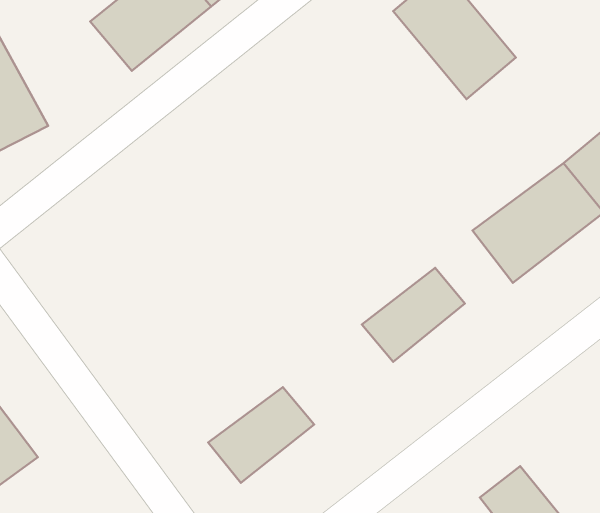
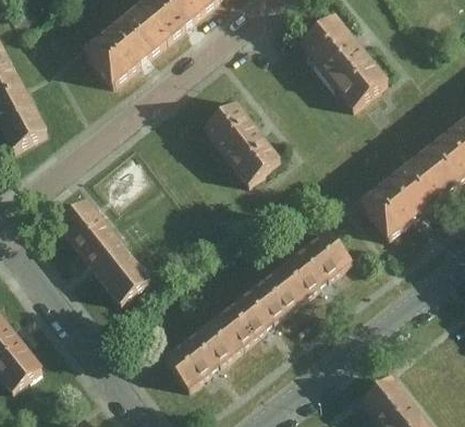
building: none -> [199,101,280,185]
building: none -> [54,199,146,298]
building: none -> [218,272,298,345]

